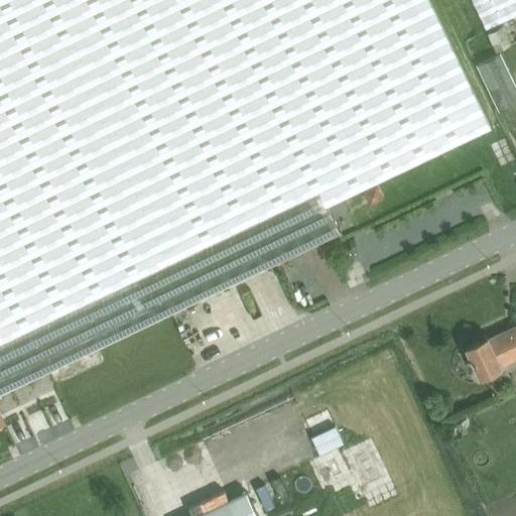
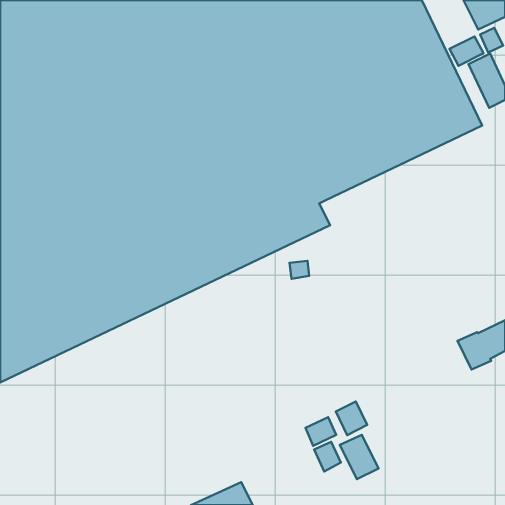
building: none -> [450,36,484,66]
building: none -> [336,401,367,435]

